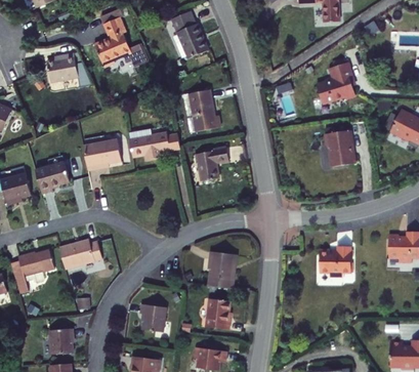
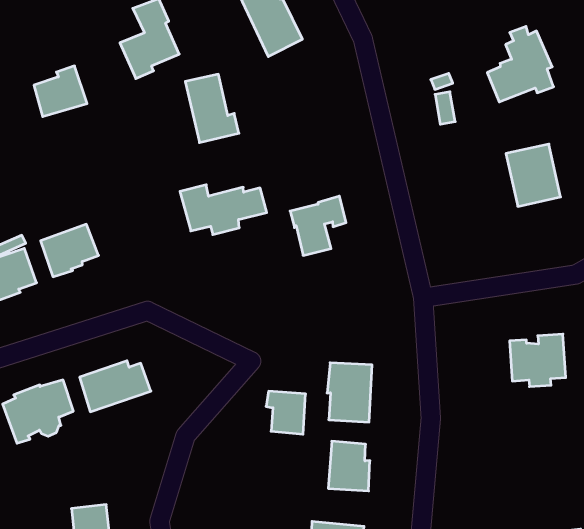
building: [185,93,216,134] -> [185,74,239,143]
building: [81,141,119,172] -> none
building: [138,304,163,332] -> [266,391,306,434]

